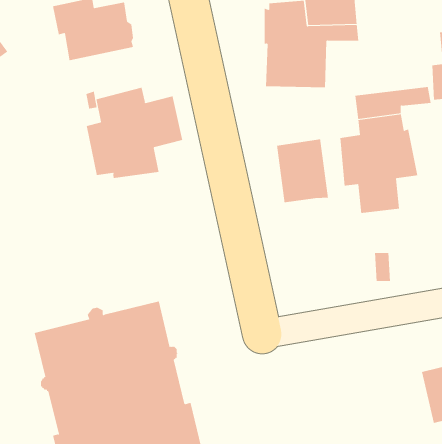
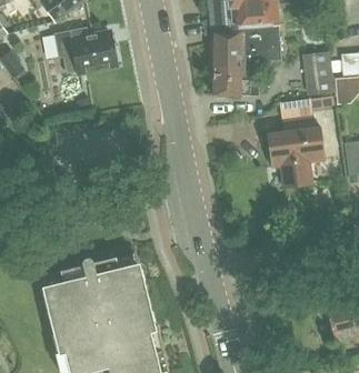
building: none -> [302,49,331,94]
building: [86,87,183,179] -> none
building: [277,139,329,203] -> none

